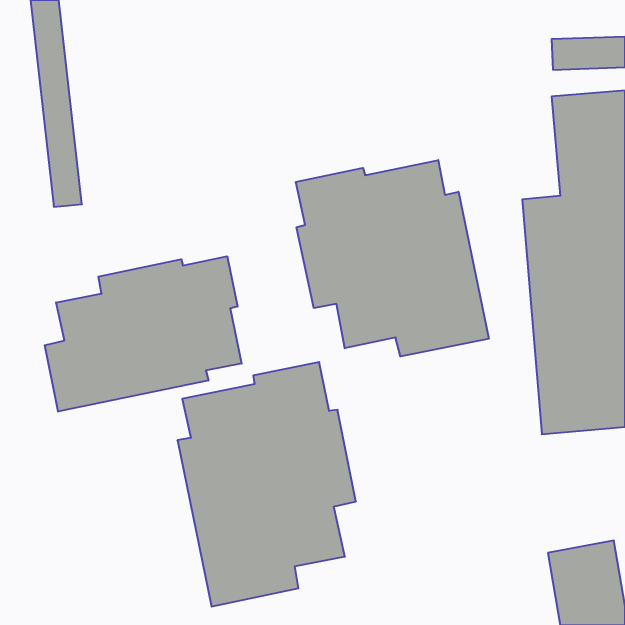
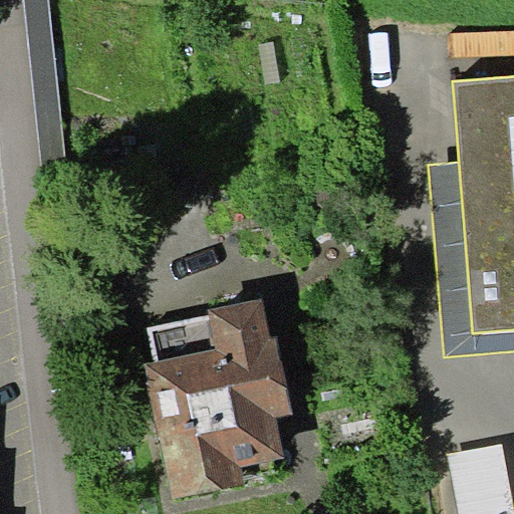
building: [296,160,489,356] -> none
building: [45,256,242,412] -> none

